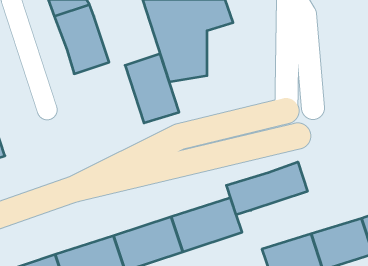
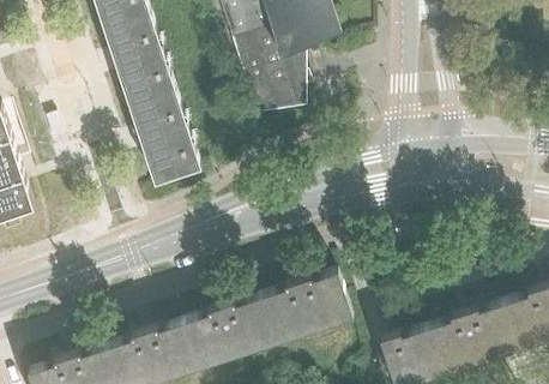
building: [125,54,179,123] -> [128,86,200,179]
building: [226,162,307,215] -> none

